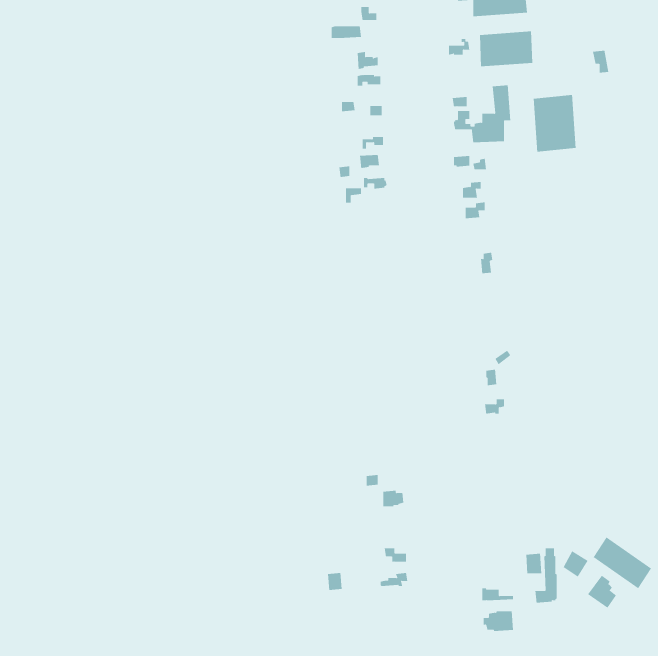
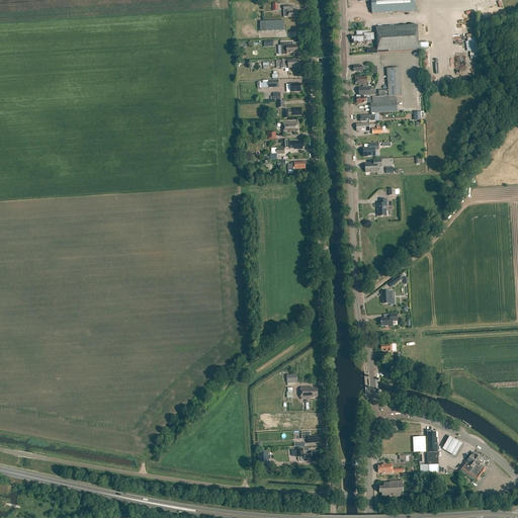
building: [533,94,576,153] -> none
building: [593,536,652,589] -> none

